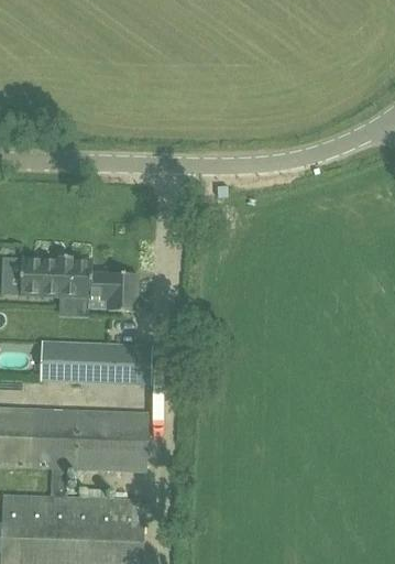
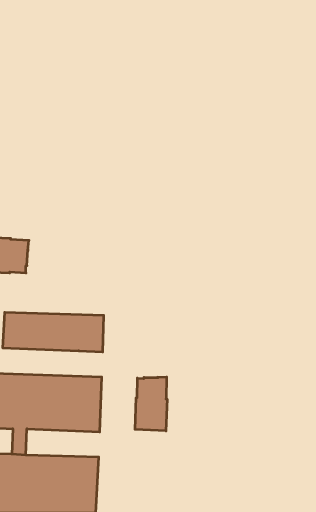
building: [64,272,136,314] -> none
building: none -> [135,377,167,431]

